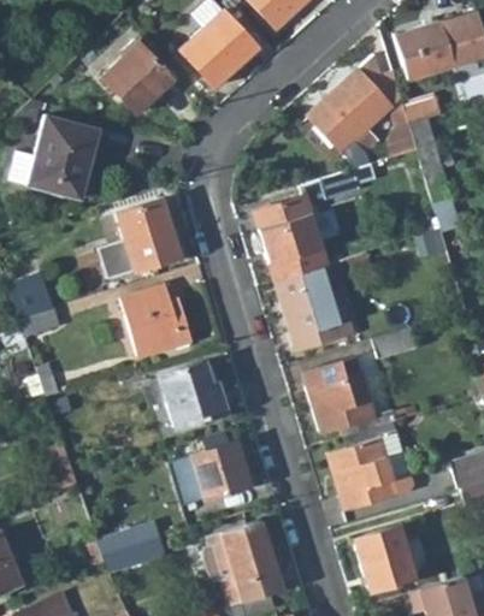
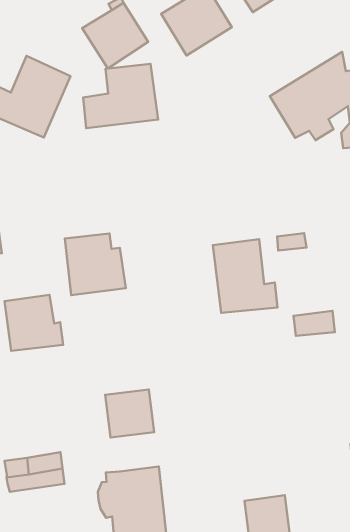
building: [256,162,378,279] -> none
building: [99,200,181,278] -> [83,64,158,128]
building: [306,356,378,431] -> none
building: [159,361,228,426] -> [5,295,63,351]
building: [330,437,399,509] -> none

